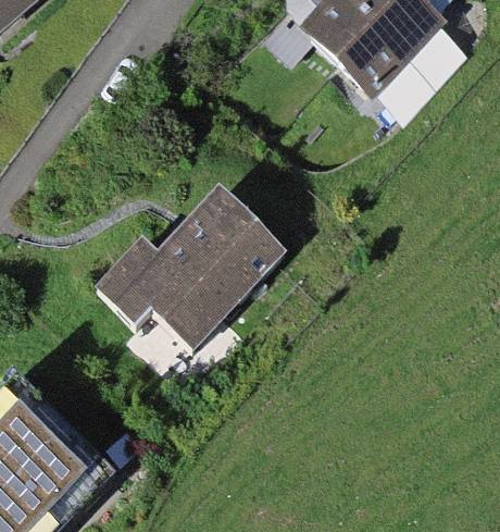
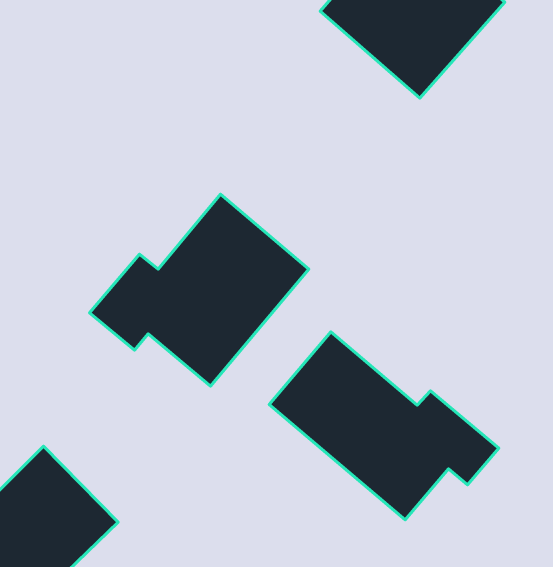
building: none -> [269,332,499,520]

